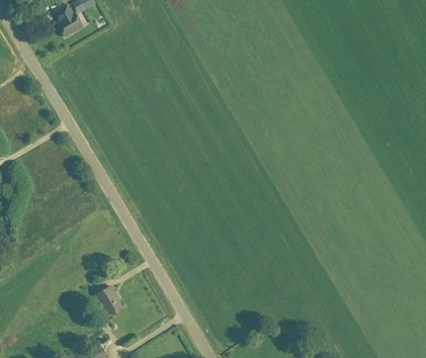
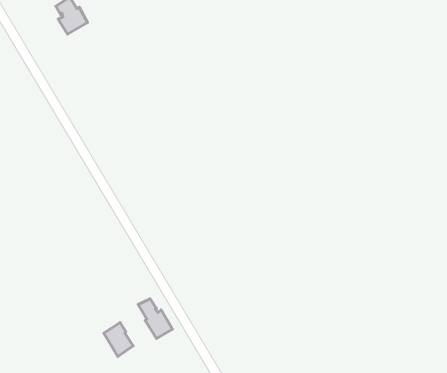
building: none -> [138,299,172,339]

